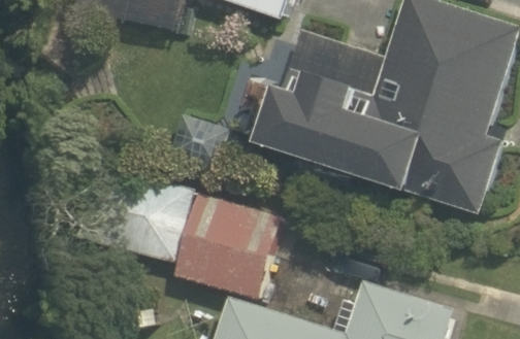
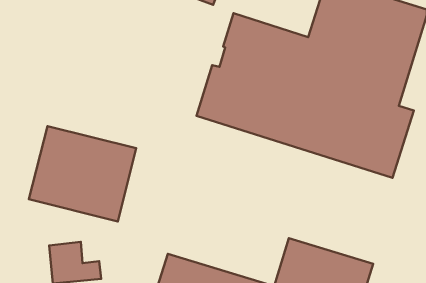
building: [173,181,281,300] -> none

